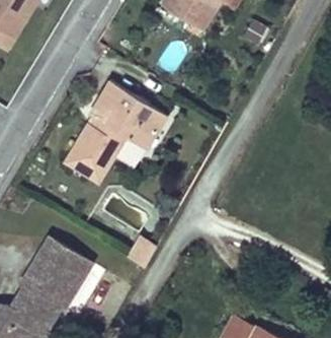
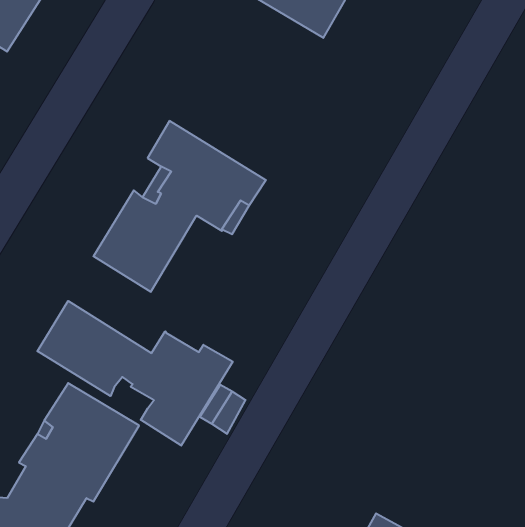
building: none -> [37,301,233,446]

